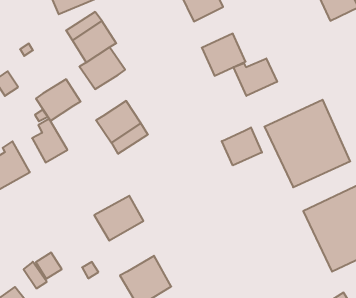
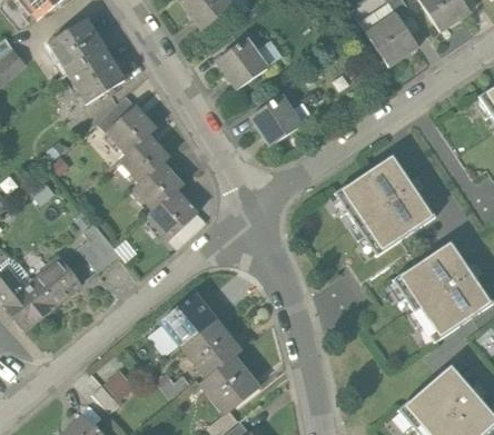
building: [233,58,277,96] -> none
building: [36,79,81,121] -> [132,161,182,210]
building: [222,127,262,165] -> none
building: none -> [181,319,241,378]

